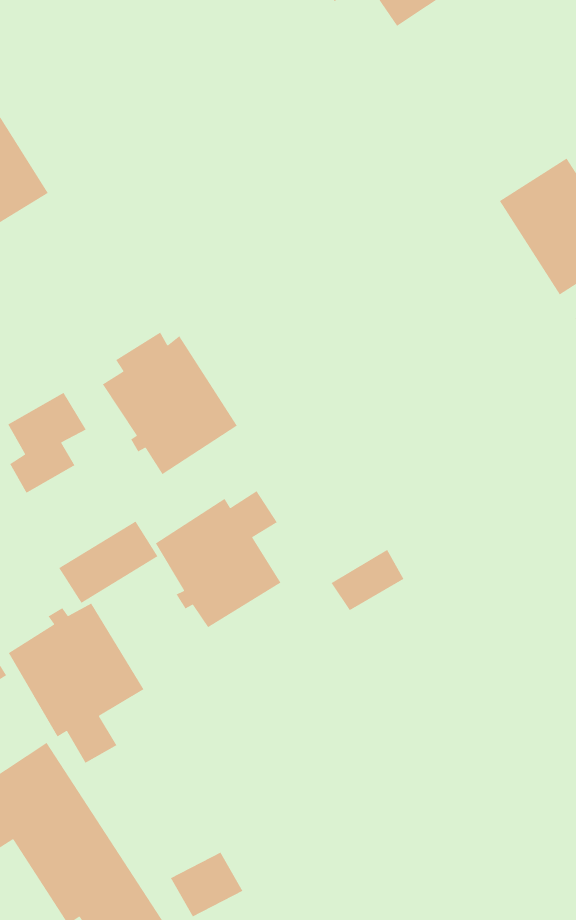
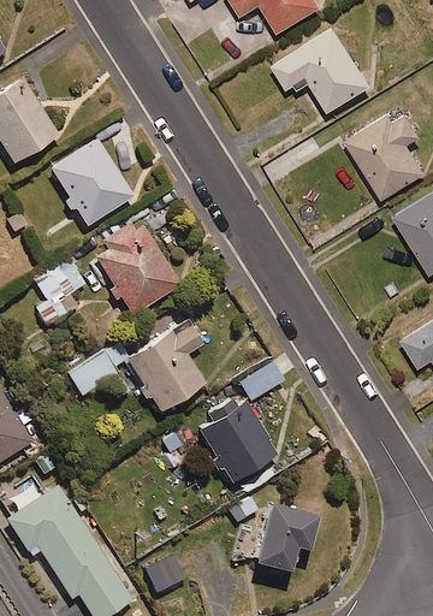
building: none -> [269,25,370,111]
building: none -> [49,140,132,226]
building: [8,602,145,764] -> none
building: none -> [200,399,278,482]
building: none -> [256,504,320,571]

